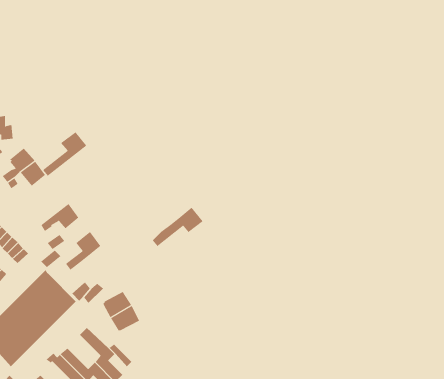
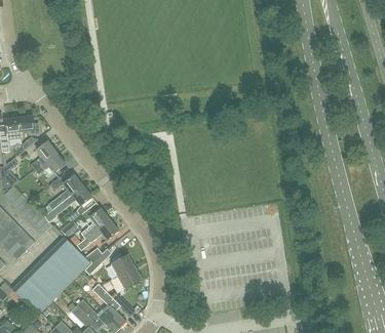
building: [42,131,87,177] -> [47,173,83,209]
building: [152,207,203,247] -> [77,218,118,250]

